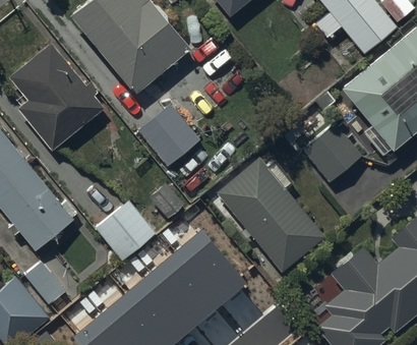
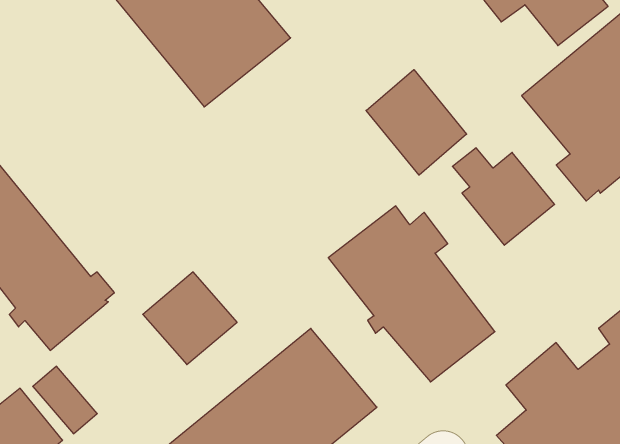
building: [9,42,105,151] -> none
building: none -> [366,70,467,175]
building: [138,104,201,168] -> none

